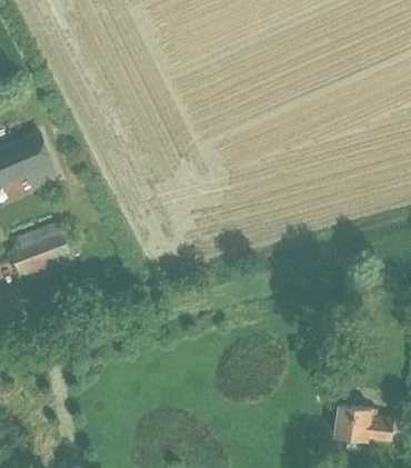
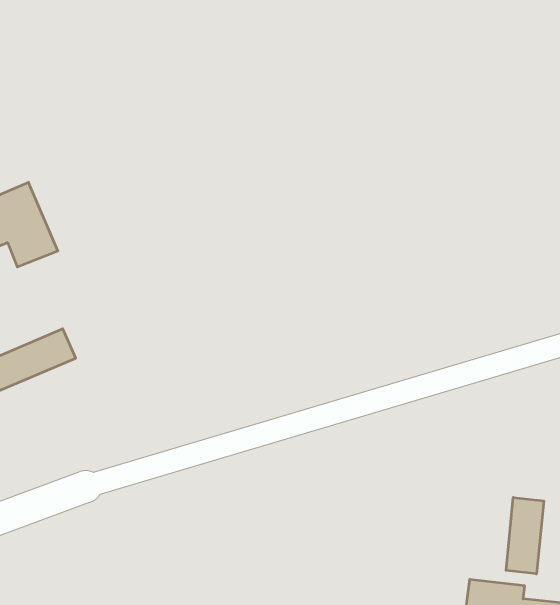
building: none -> [506,497,544,574]

